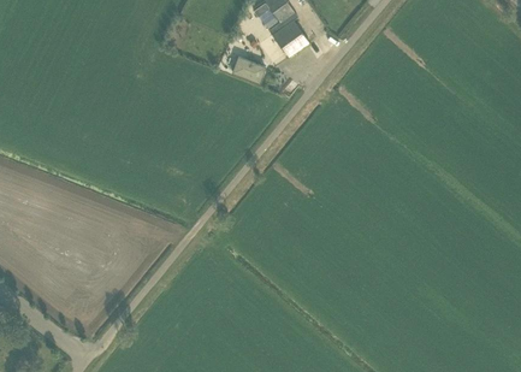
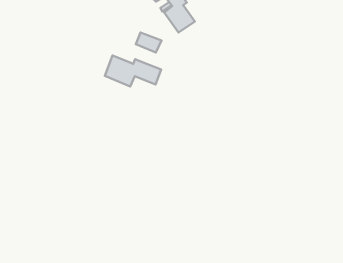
building: none -> [105,55,161,87]

